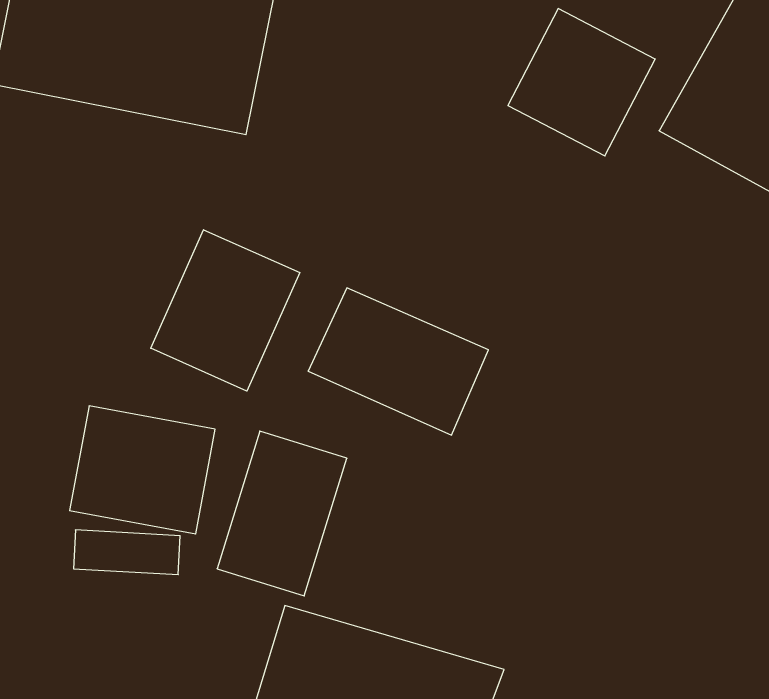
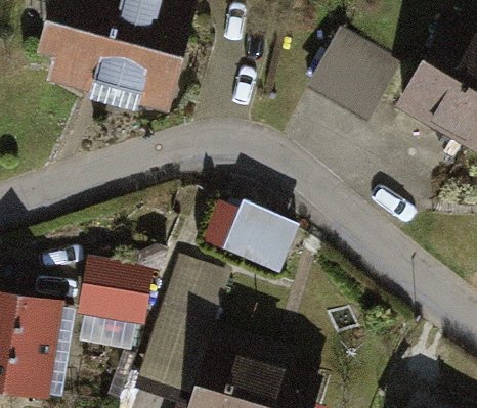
building: [151,230,300,391] -> none

